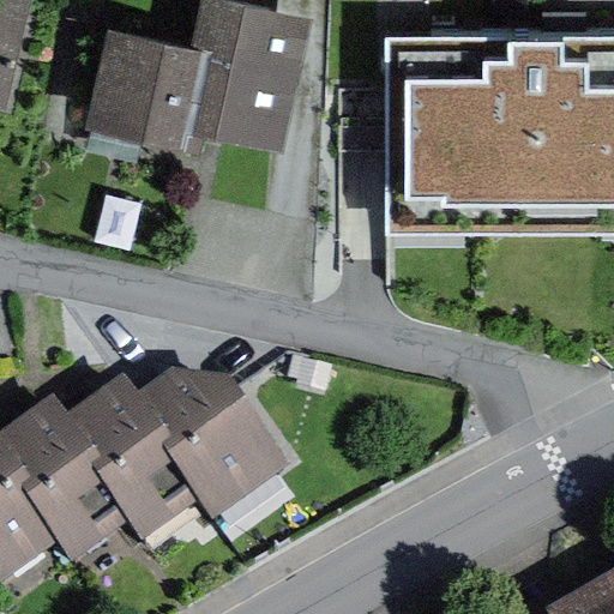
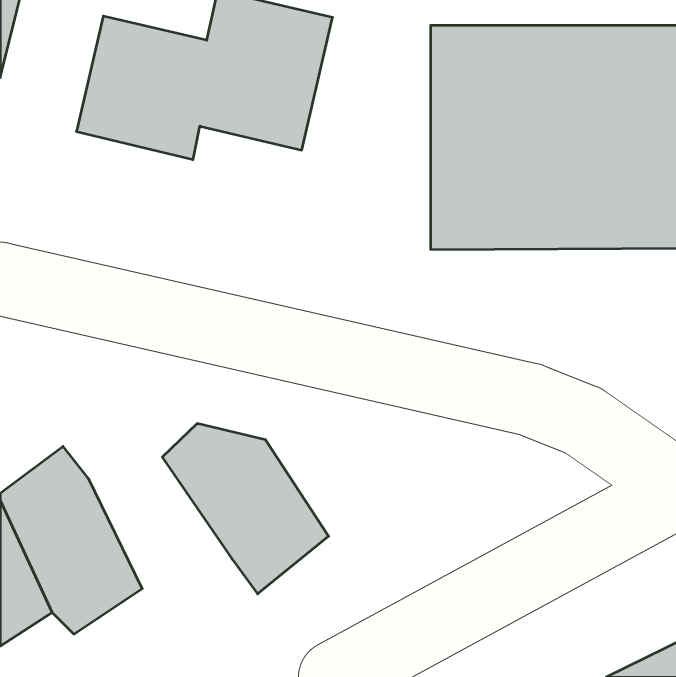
building: [88,389,216,544] -> none

